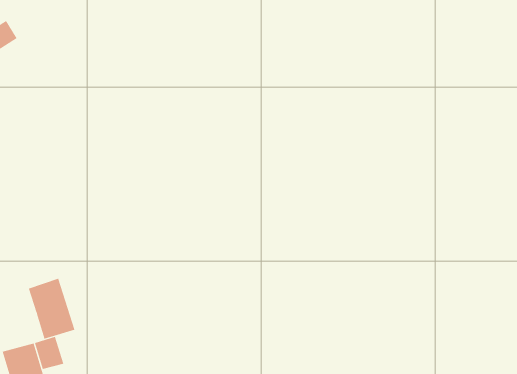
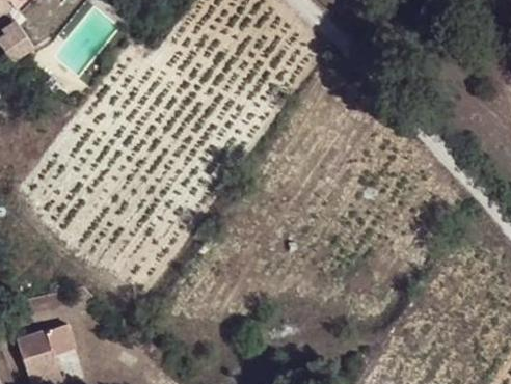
building: [28,278,75,339] -> none

